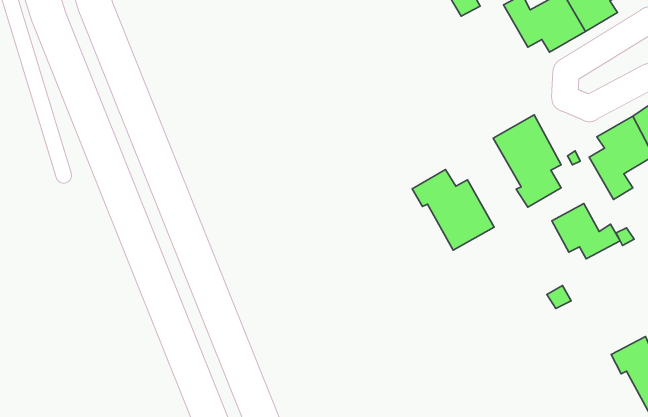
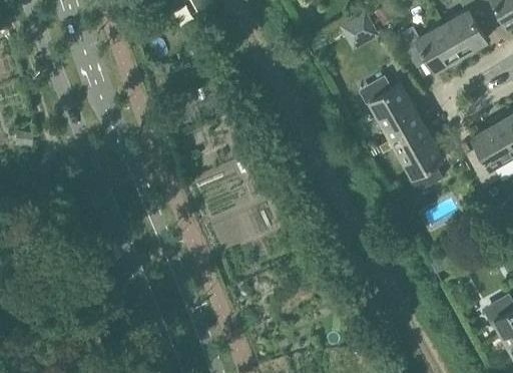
building: [412,169,494,250] -> [358,75,422,138]
building: [552,204,620,259] -> none

